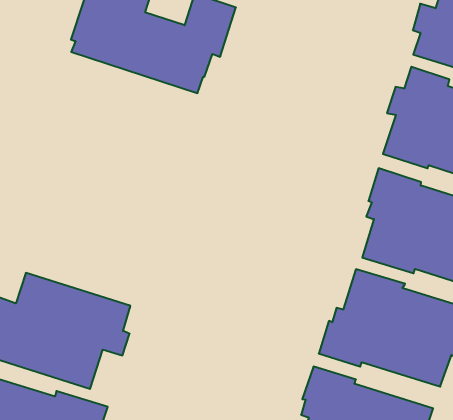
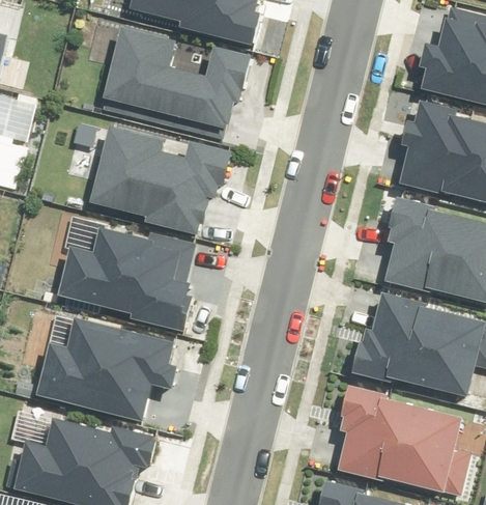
building: none -> [90,127,232,233]
building: none -> [56,228,196,334]

